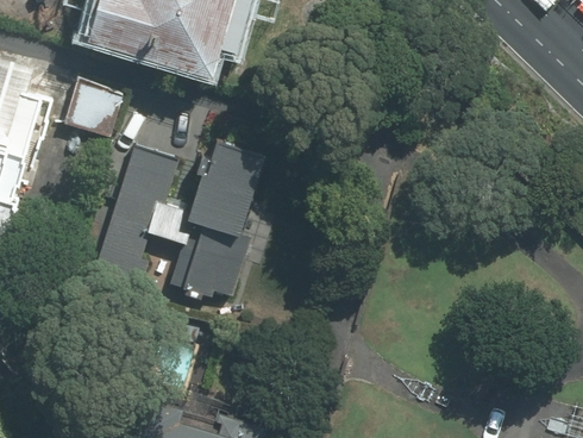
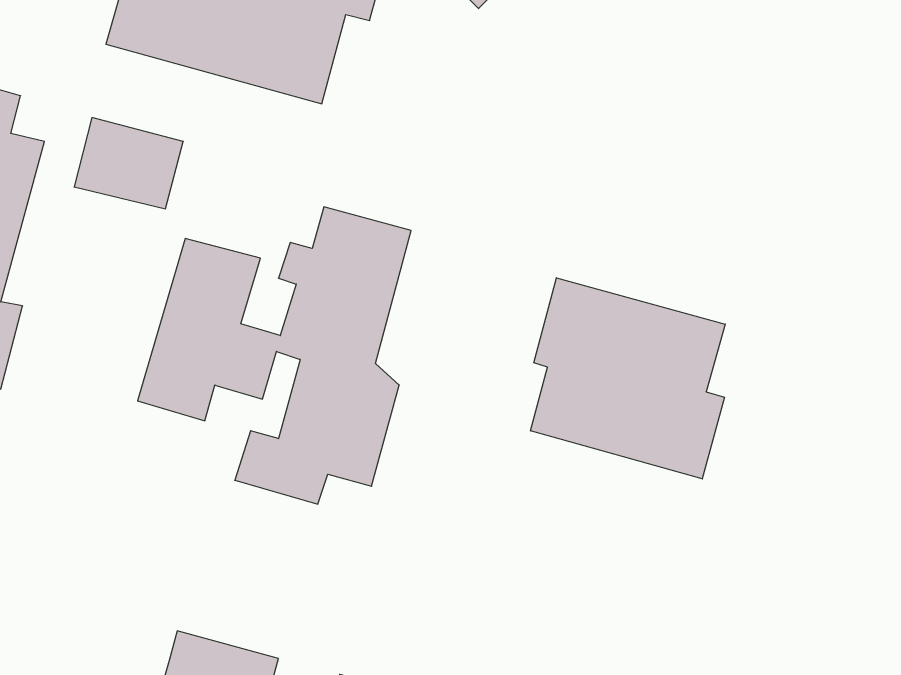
building: none -> [531,278,725,479]

